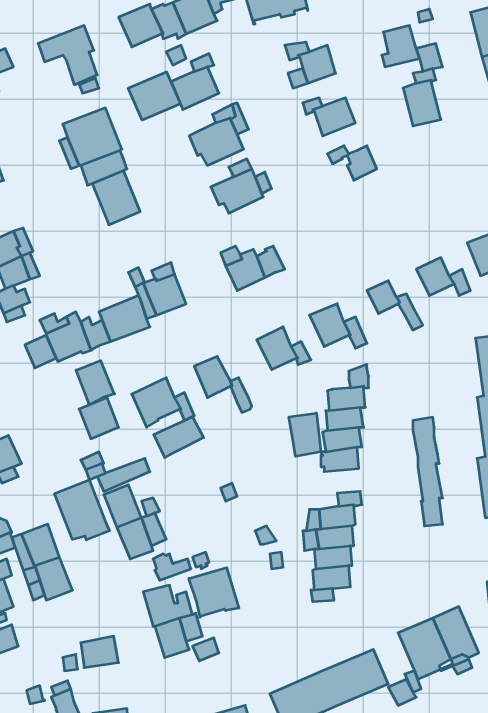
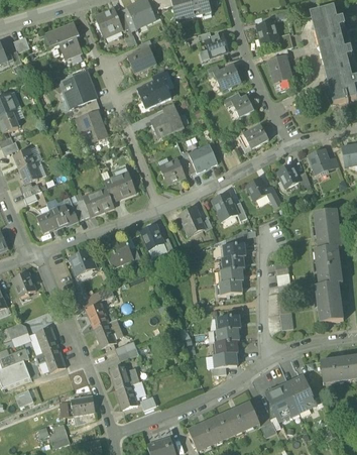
building: [128,72,180,120] -> none
building: none -> [240,124,268,150]
building: none -> [190,145,218,170]
building: [76,361,115,405] -> none
building: [289,413,321,456] -> none
building: [154,417,204,458] -> none
building: [55,480,109,540] -> none
building: [189,568,239,617] -> none

